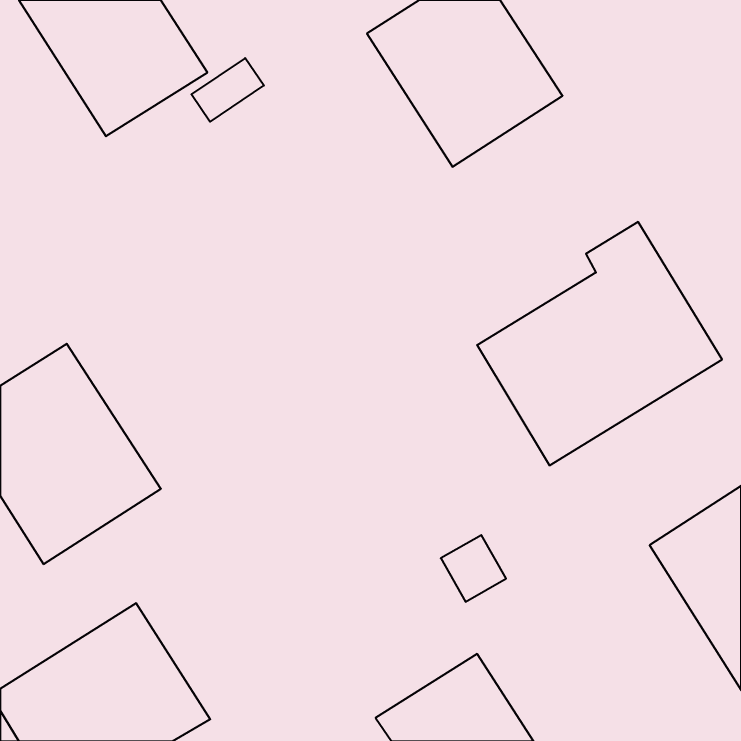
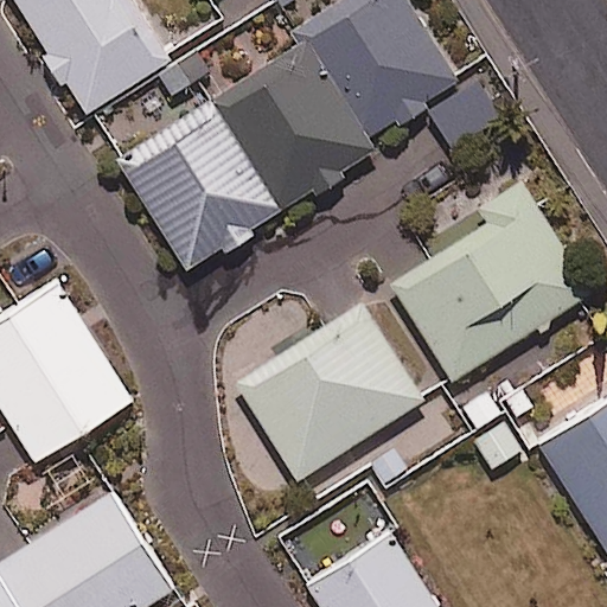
building: none -> [215,44,375,210]
building: none -> [117,107,277,273]
building: none -> [237,302,422,478]

